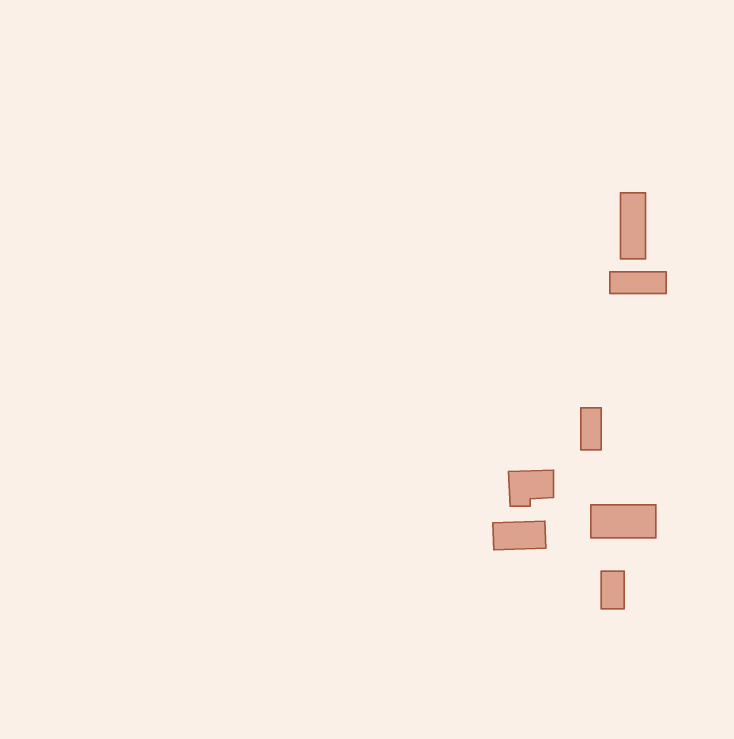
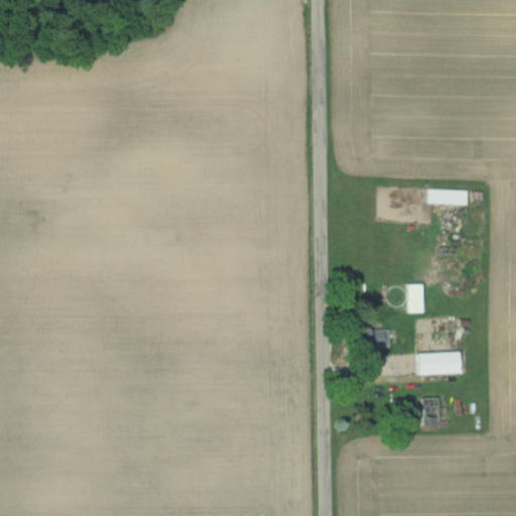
building: [620,193,646,259] -> none
building: [493,521,546,550] -> none

